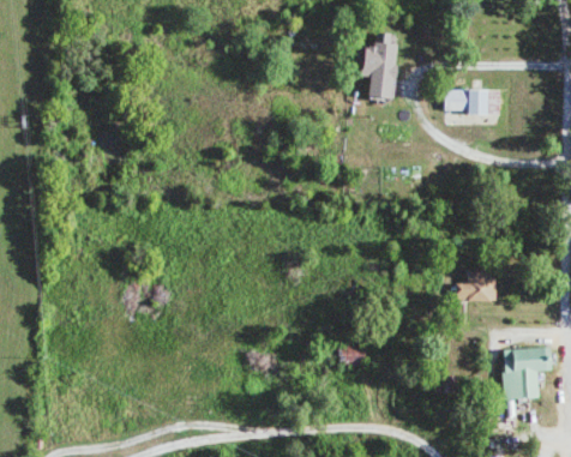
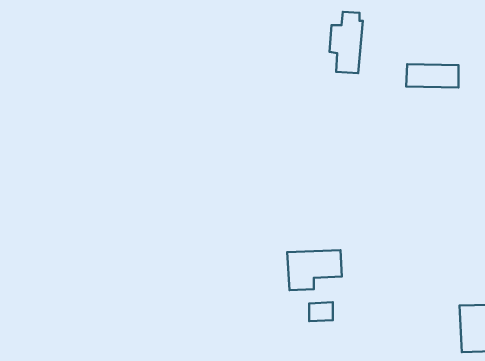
building: [455,271,494,302] -> none
building: none -> [287,250,342,290]

